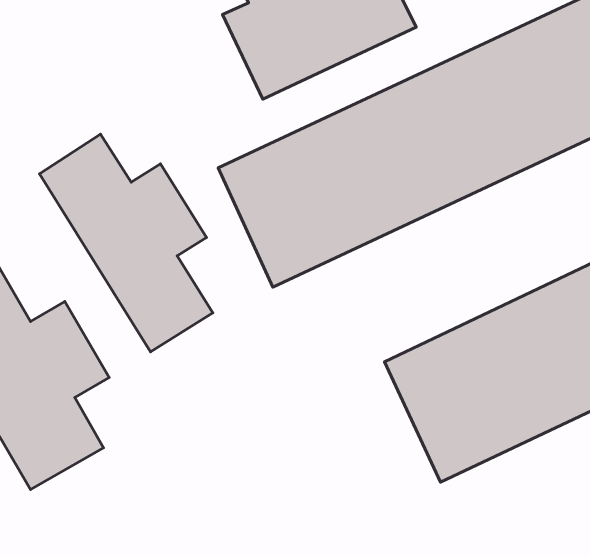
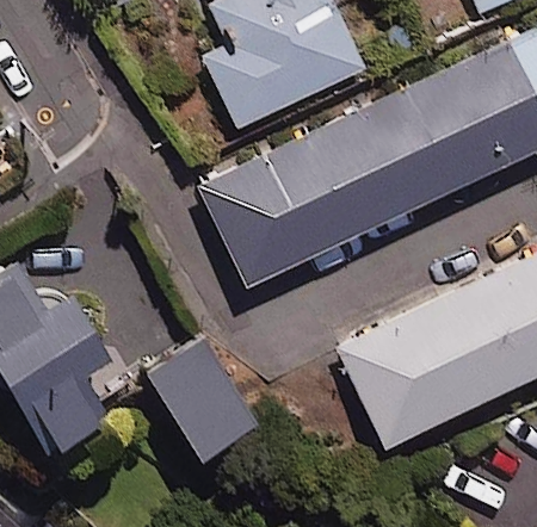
building: [39,134,213,352] -> none
building: none -> [147,339,257,459]

